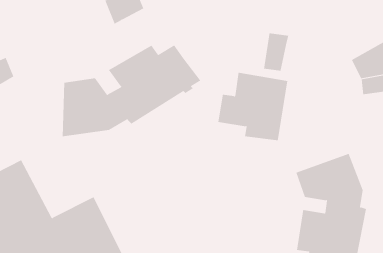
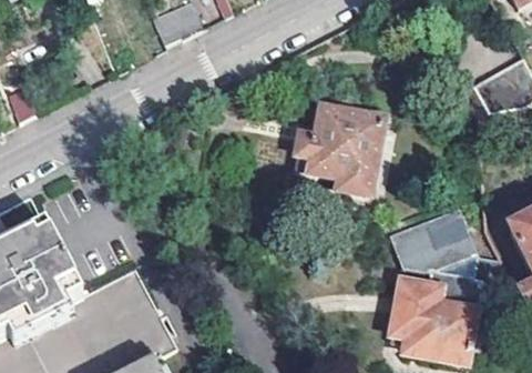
building: [263,33,289,72] -> none
building: [62,45,201,137] -> none

